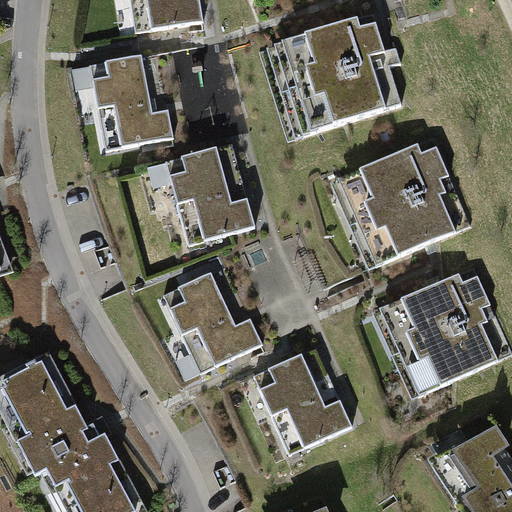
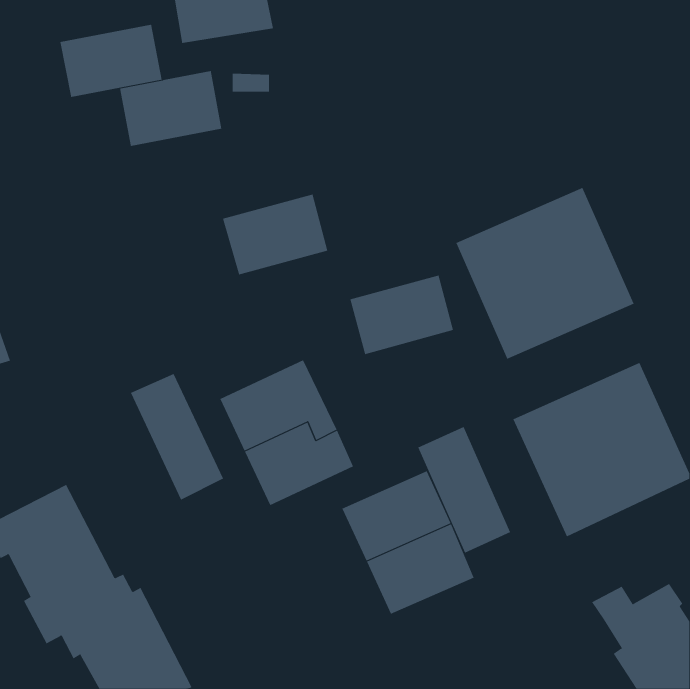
building: [273,13,400,135] -> none
building: [96,95,172,149] -> [59,24,163,98]
building: [176,185,253,244] -> [350,275,454,355]
building: none -> [130,373,224,500]
building: none -> [418,426,511,553]

